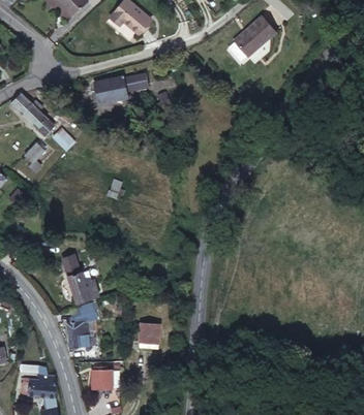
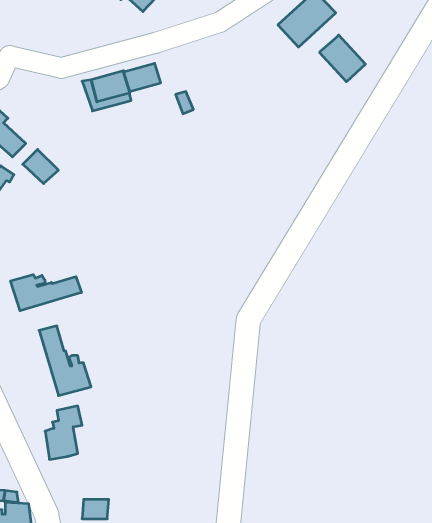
building: none -> [320,35,365,82]
building: none -> [11,275,81,311]
building: [140,319,160,345] -> none

